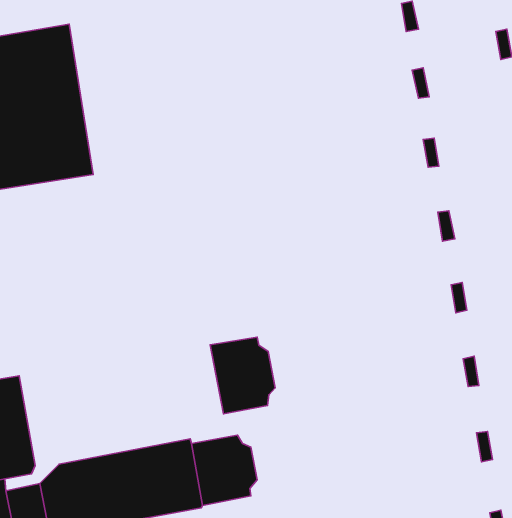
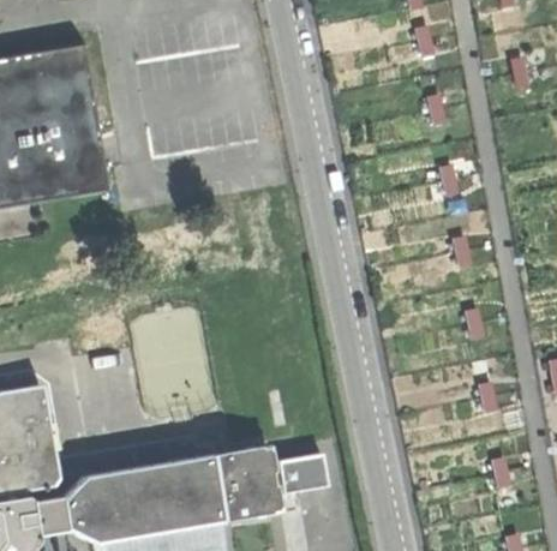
building: [210,337,275,414] -> none
building: none -> [266,459,306,497]

